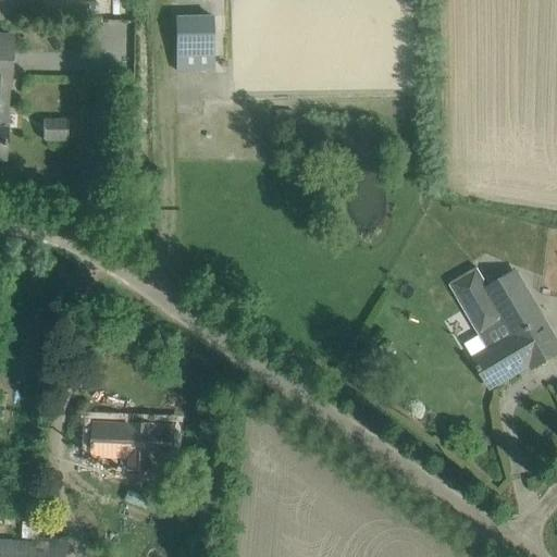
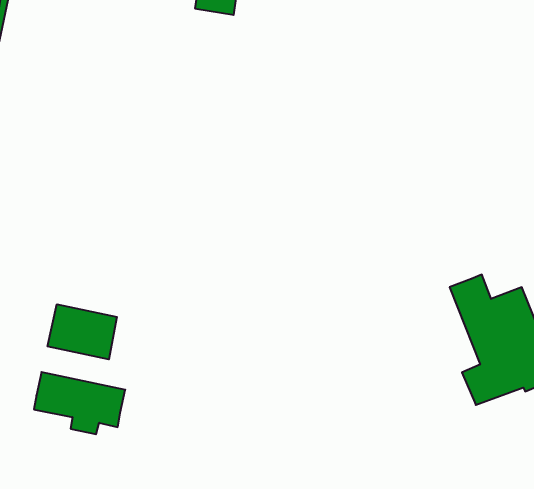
building: [42,116,74,139] -> none
building: none -> [48,304,117,359]

